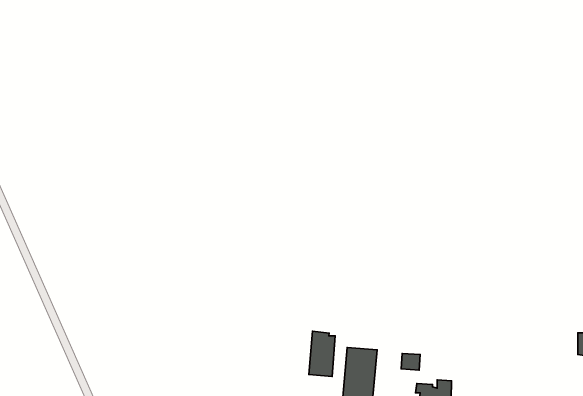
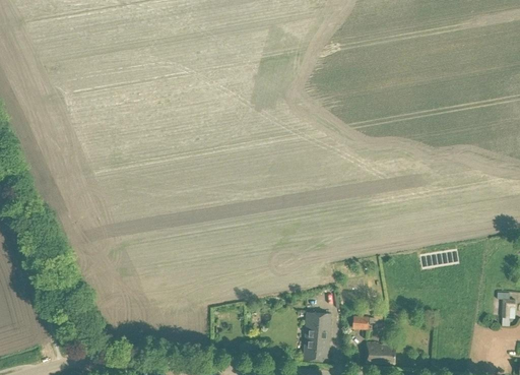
building: [309,331,335,377] -> none

